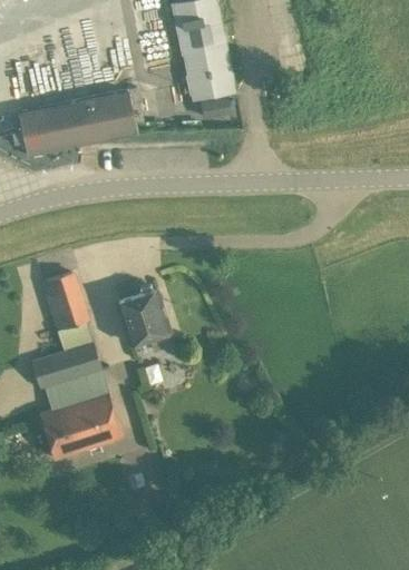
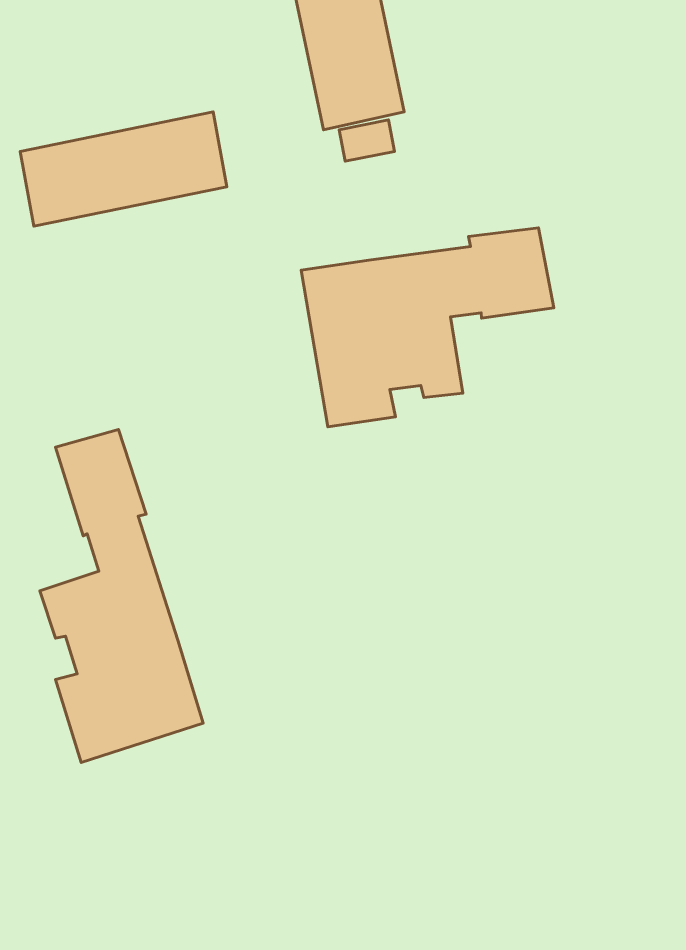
building: none -> [301,228,554,427]
building: [117,289,173,352] -> none

